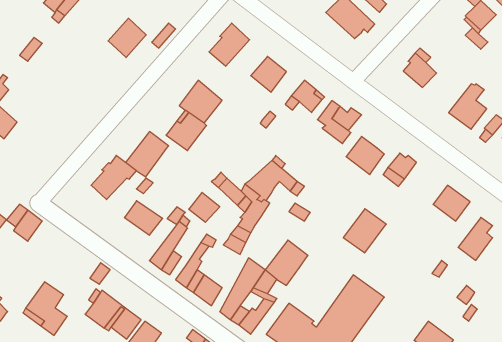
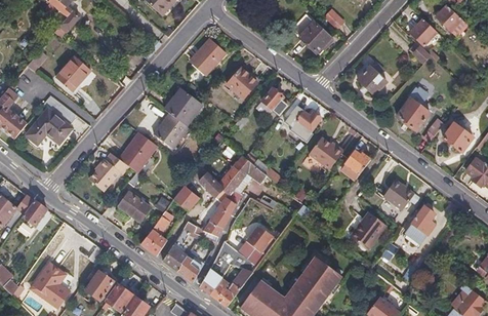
building: [108,18,146,58] -> [57,56,90,90]
building: none -> [26,95,73,145]
building: [343,209,386,253] -> [350,211,387,249]

